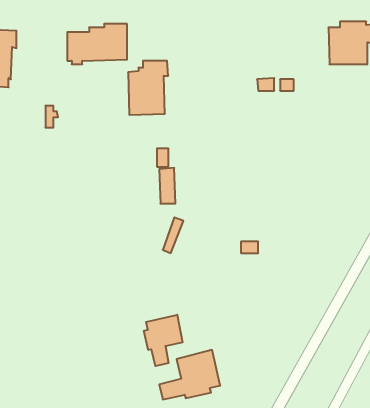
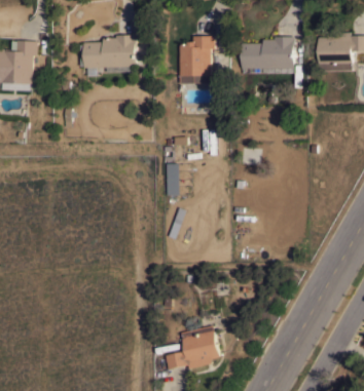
building: none -> [240,37,294,74]
building: [128,61,168,115] -> [178,36,214,84]
building: [144,315,183,366] -> none

